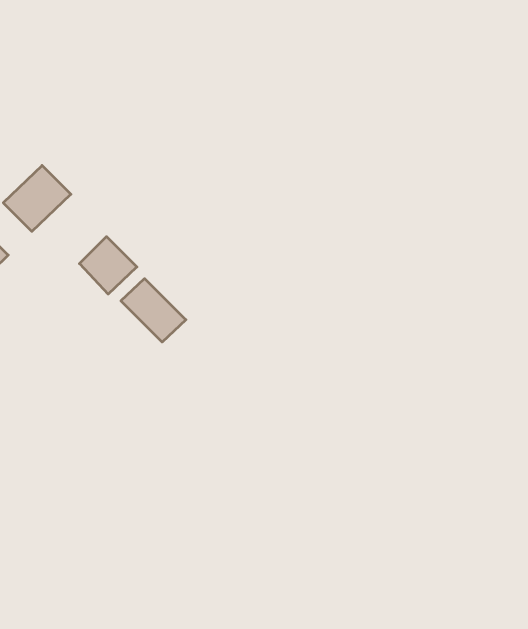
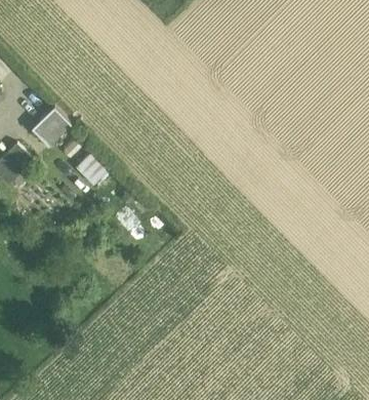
building: [121,279,186,342] -> none

